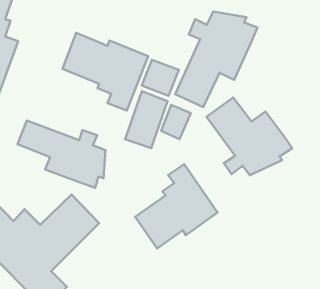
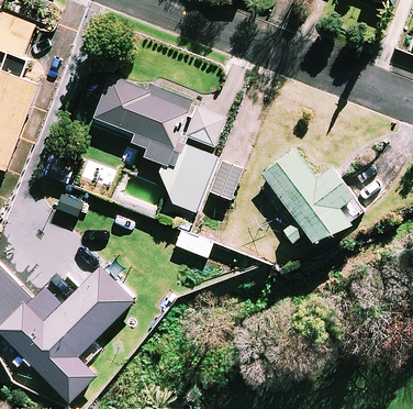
building: [175,12,257,107] -> none
building: [17,120,106,188] -> none
building: [135,164,218,249] -> none

